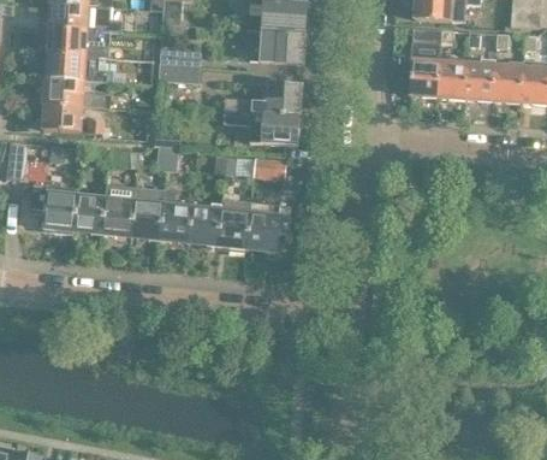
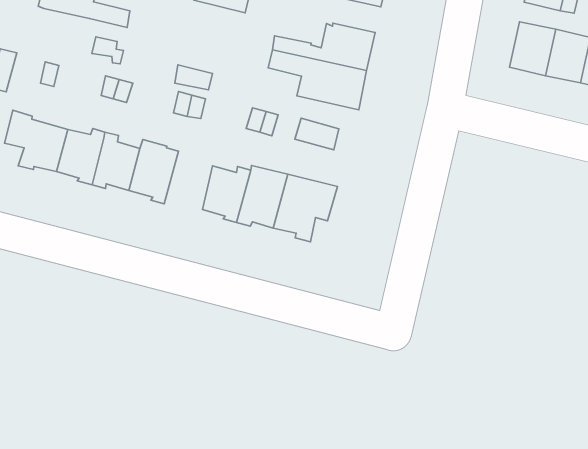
building: [43,104,81,131] -> none
building: [160,188,192,241] -> none

